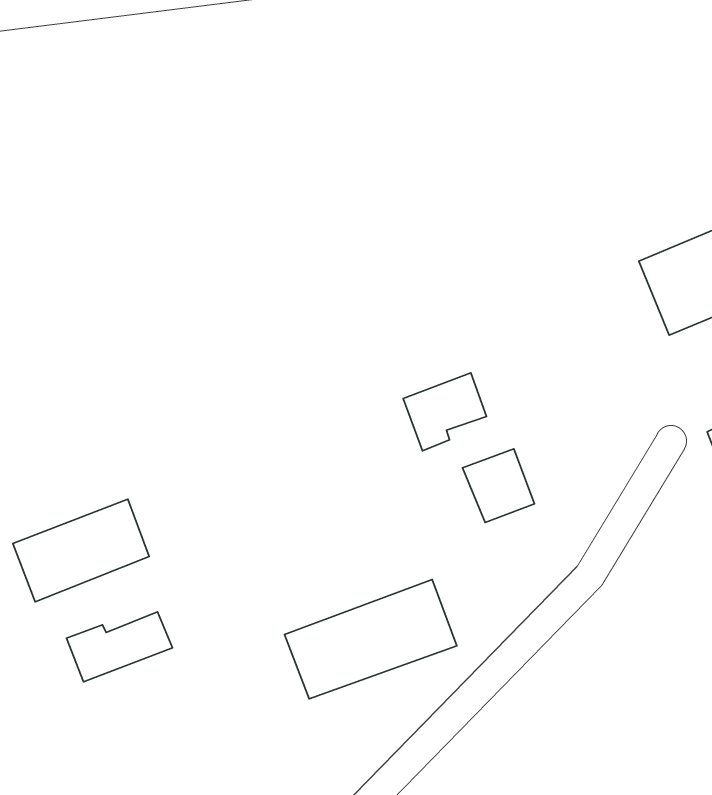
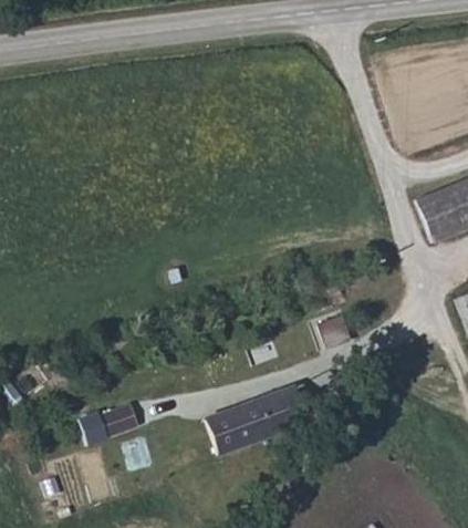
building: [403,373,486,451] -> none
building: [13,499,149,602] -> none

